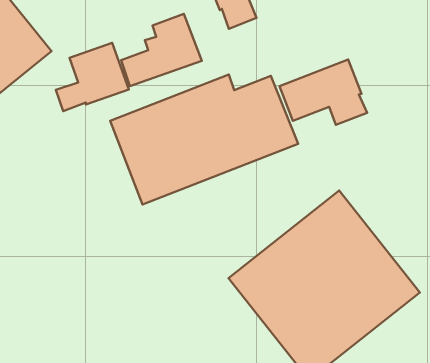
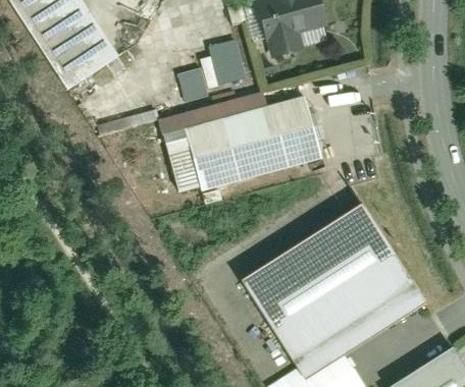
building: [56,43,129,111] -> none
building: [279,59,367,125] -> none

